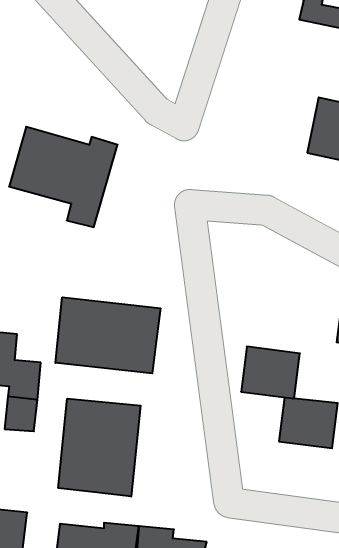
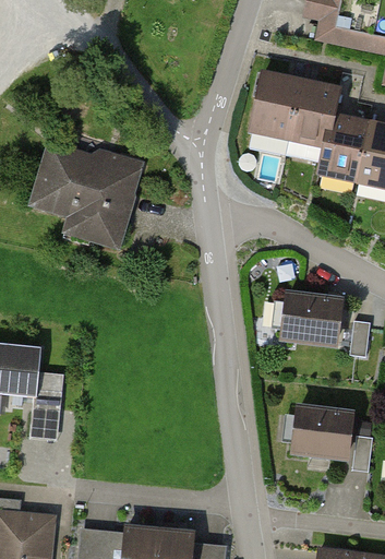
building: none -> [251,74,337,144]
building: [55,297,160,373] -> none
building: [241,347,300,399] -> [282,294,339,344]
building: [58,399,141,497] -> none

